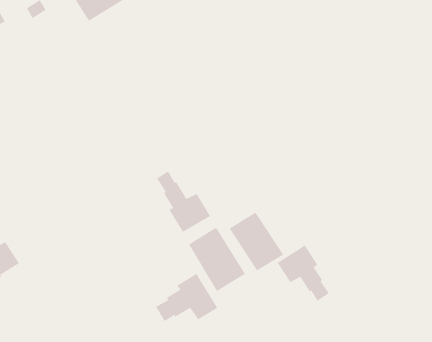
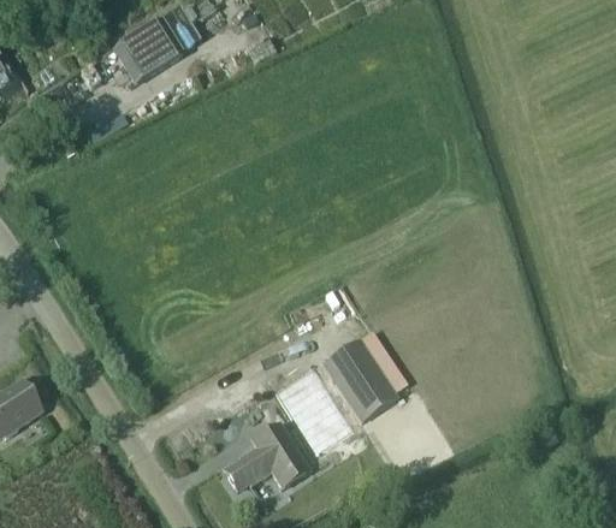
building: [156,171,211,233] -> none
building: [277,245,329,301] -> none

